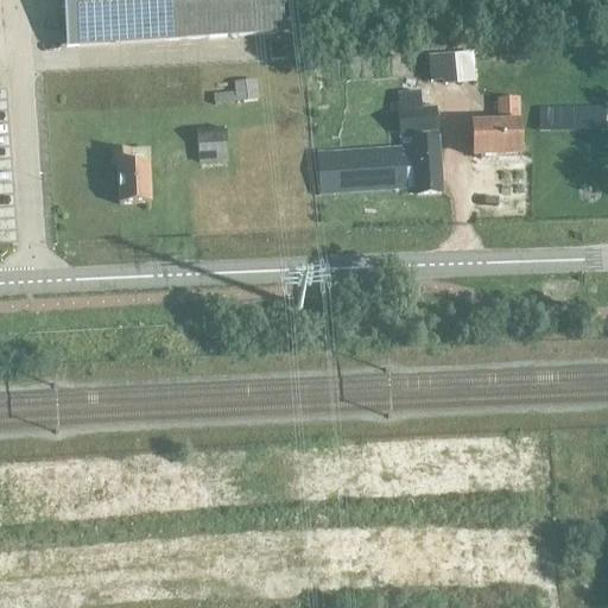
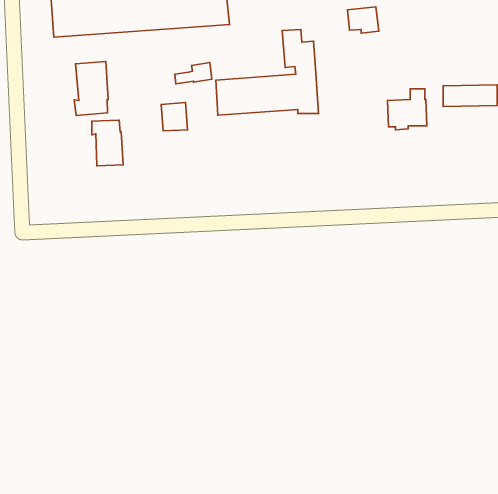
building: [429,50,467,82] -> [347,7,379,33]
building: none -> [74,61,108,116]
building: [317,89,442,194] -> [216,29,318,115]

